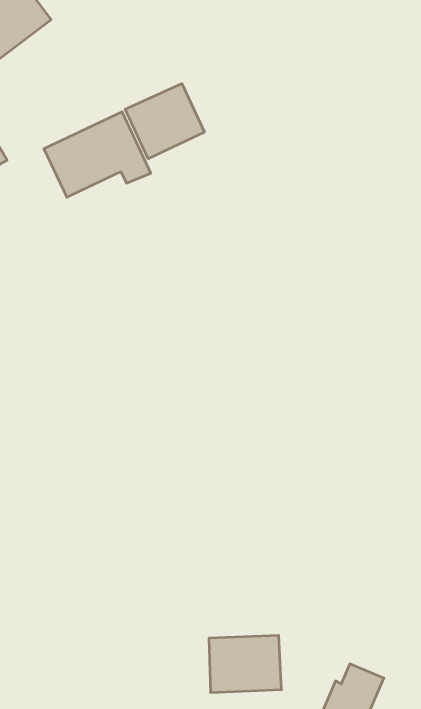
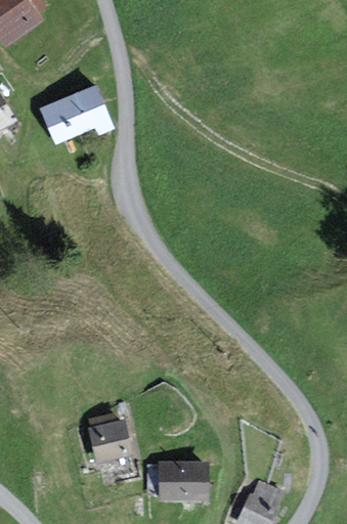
building: [125,84,204,159] -> none
building: none -> [87,419,133,463]

